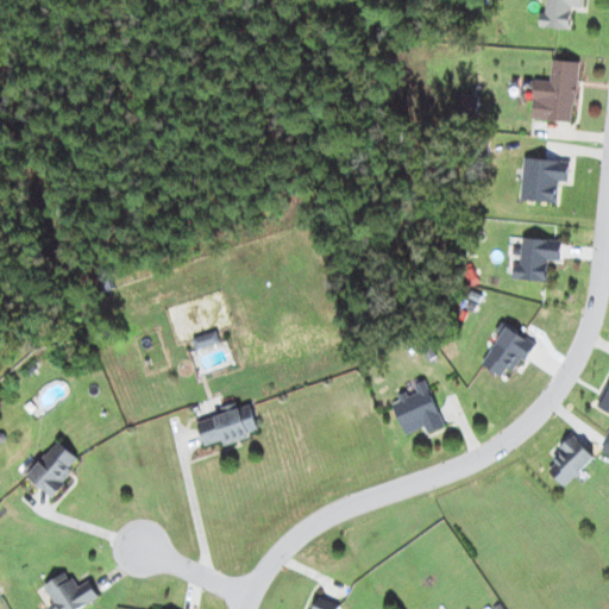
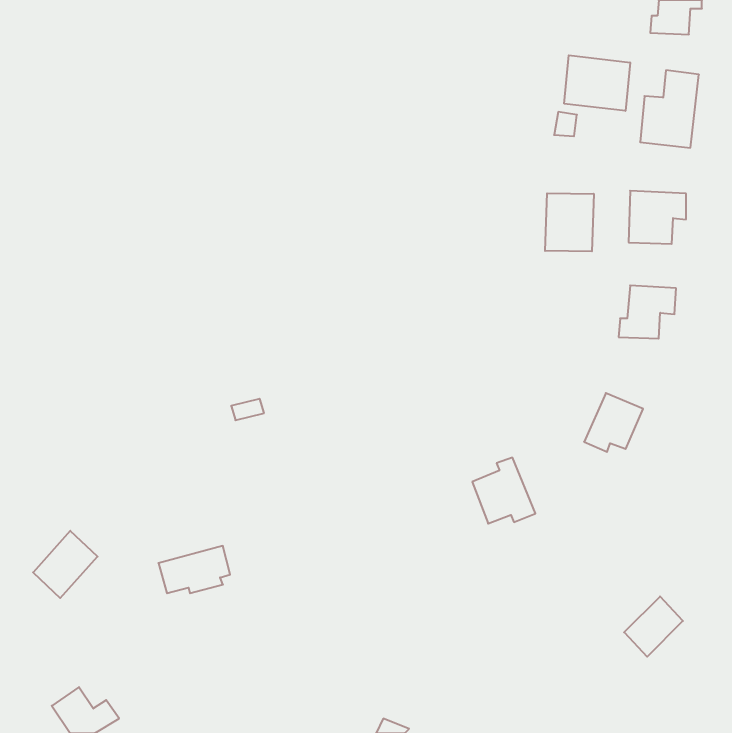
building: none -> [564,55,630,111]
building: none -> [545,193,594,251]
building: [197,406,257,445] -> [158,546,230,593]
building: [545,437,594,486] -> [624,596,683,657]

